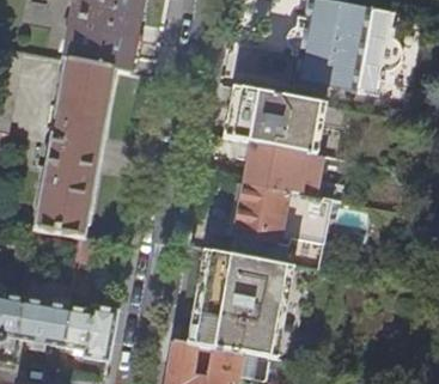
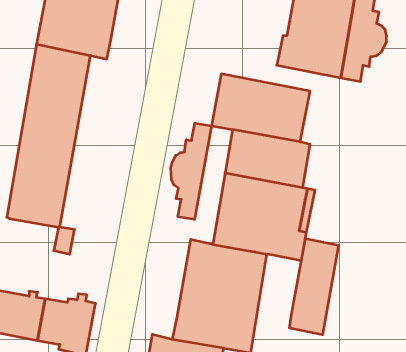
building: none -> [171,123,212,219]
building: none -> [289,239,339,335]

